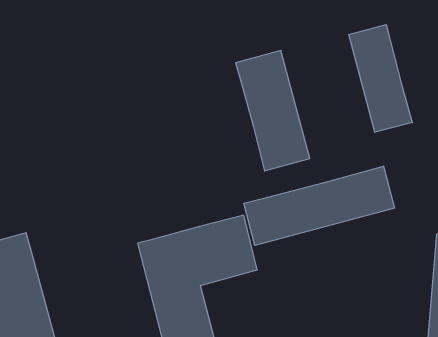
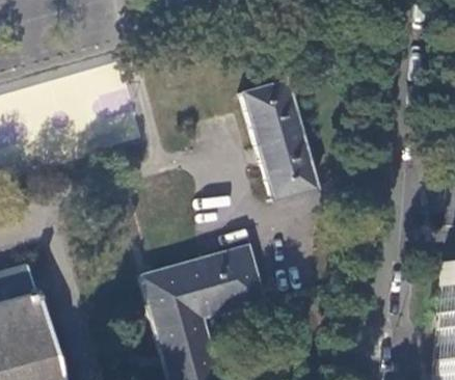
building: [349,25,412,132] -> none
building: [244,166,394,245] -> none

